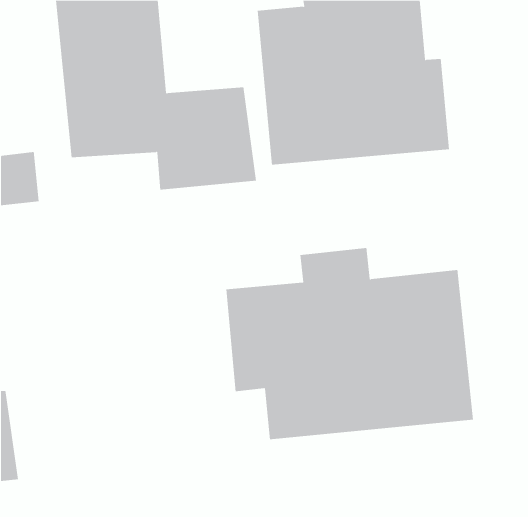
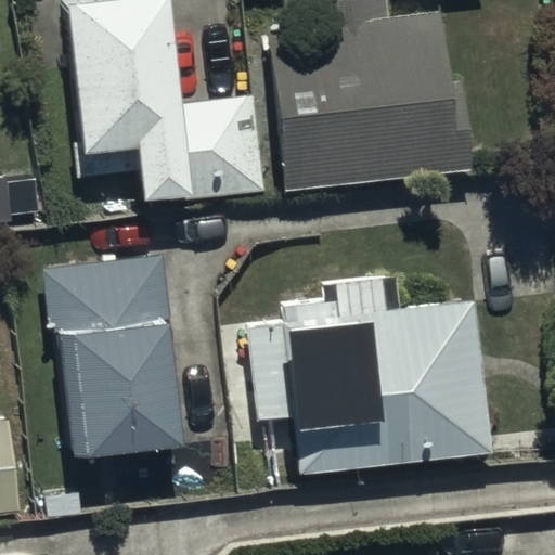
building: none -> [35,256,182,451]

